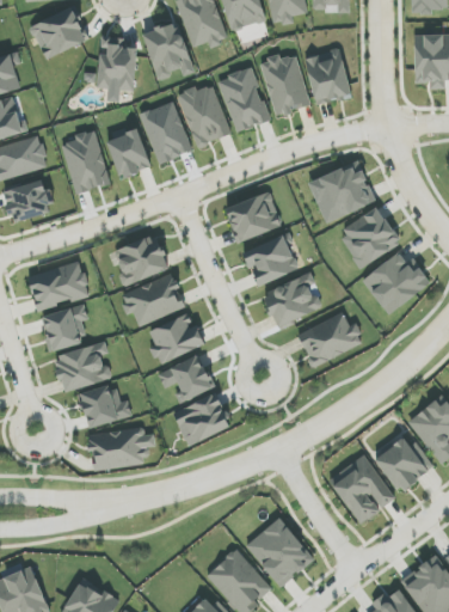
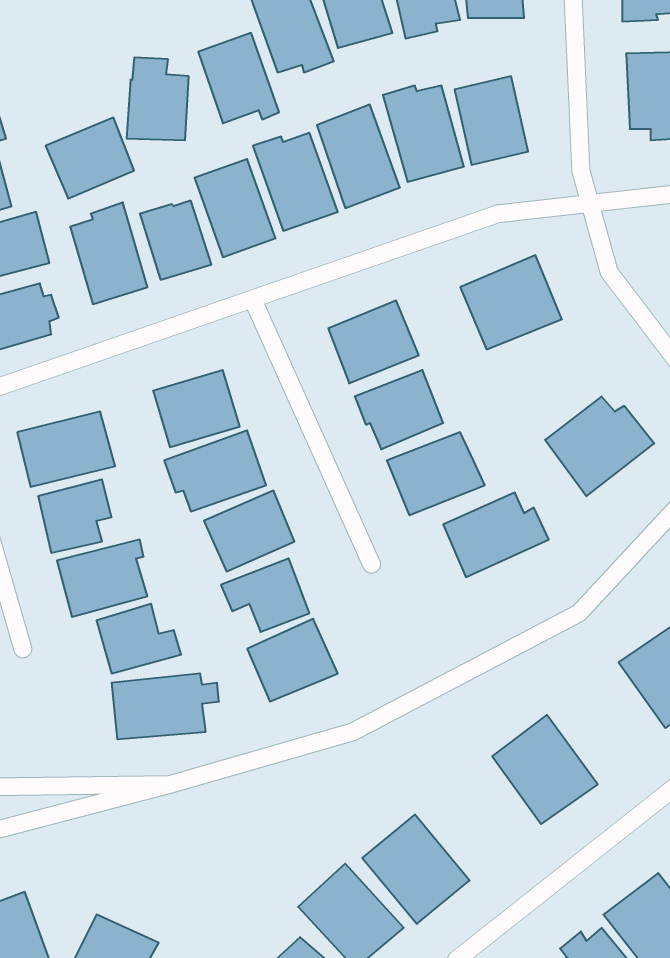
building: [30,7,86,59] -> [46,118,134,199]
building: [338,207,400,268] -> none
building: [373,436,433,492] -> none

